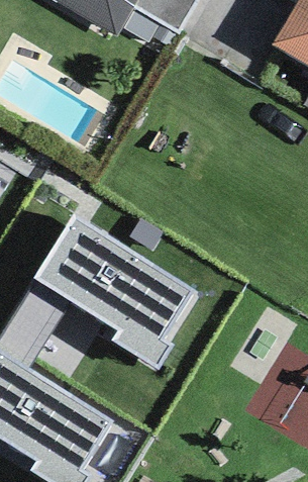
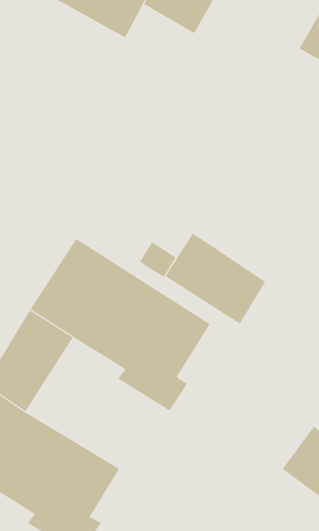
building: none -> [165,233,266,325]

